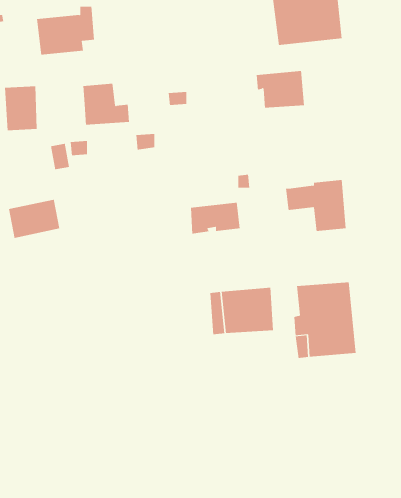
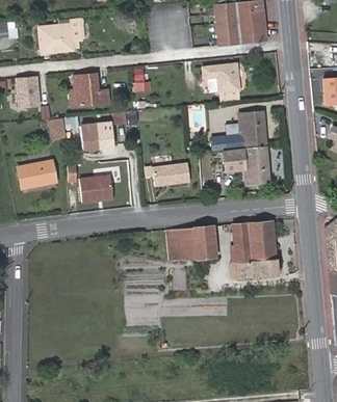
building: none -> [210,111,266,153]
building: none -> [80,124,112,150]
building: none -> [80,175,112,202]

